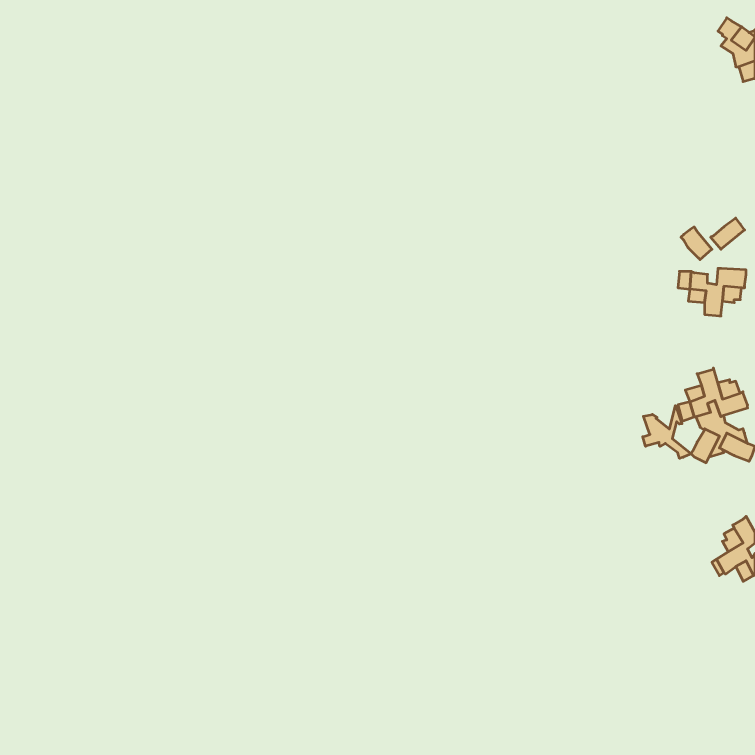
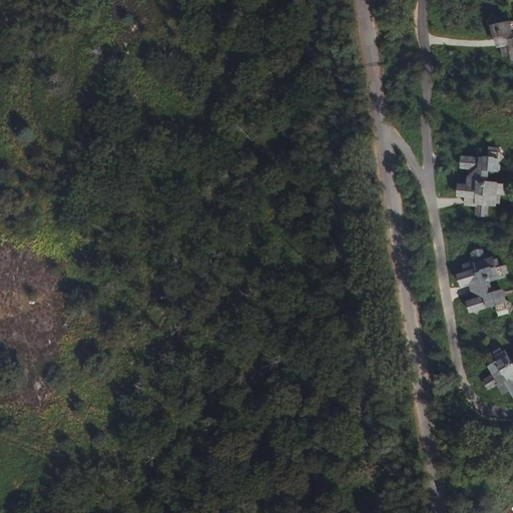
building: none -> [469,156,499,192]
building: [643,406,691,458] -> none

